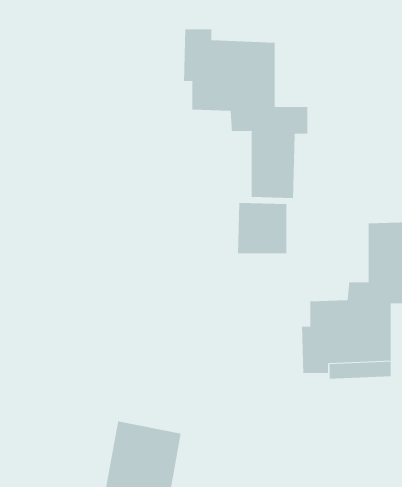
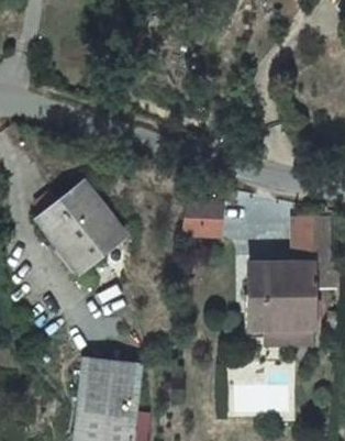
building: [183,29,308,199] -> none
building: none -> [47,190,132,276]

